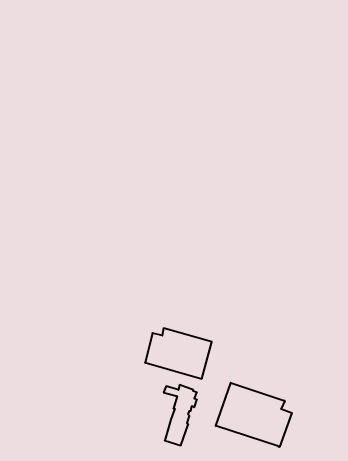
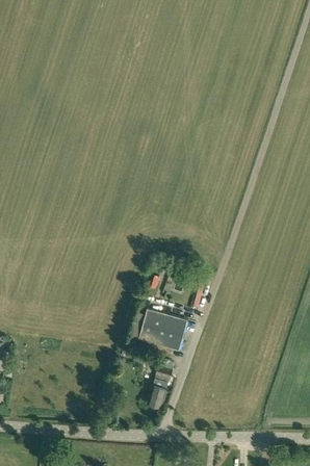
building: [216,383,292,447] -> none

